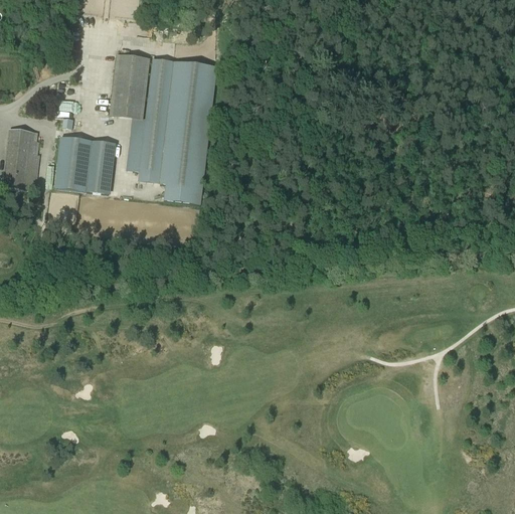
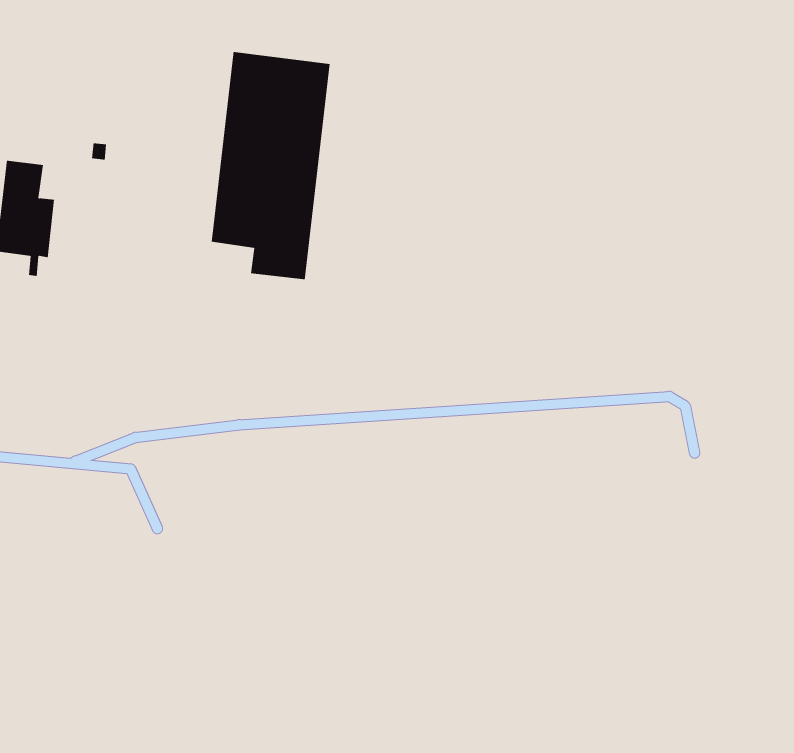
building: [110,54,155,171] -> none
building: [56,136,115,193] -> none

